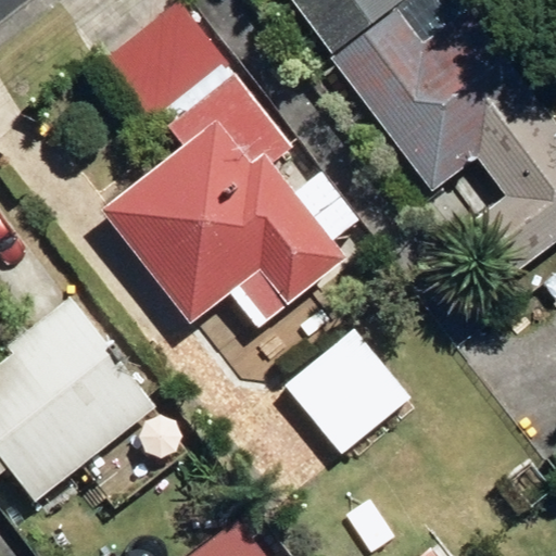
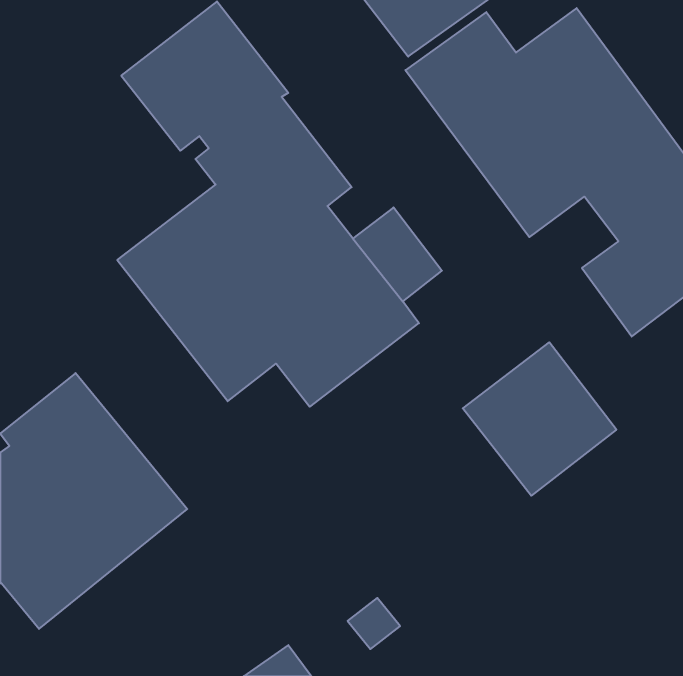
building: [287,326,410,450] -> [463,342,616,496]

